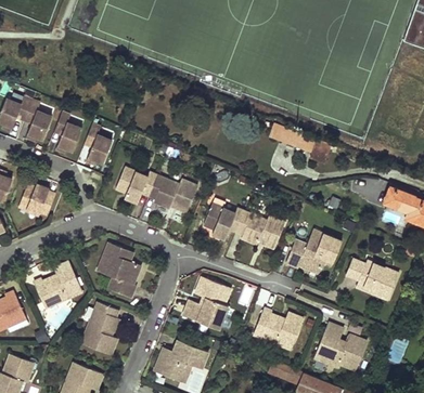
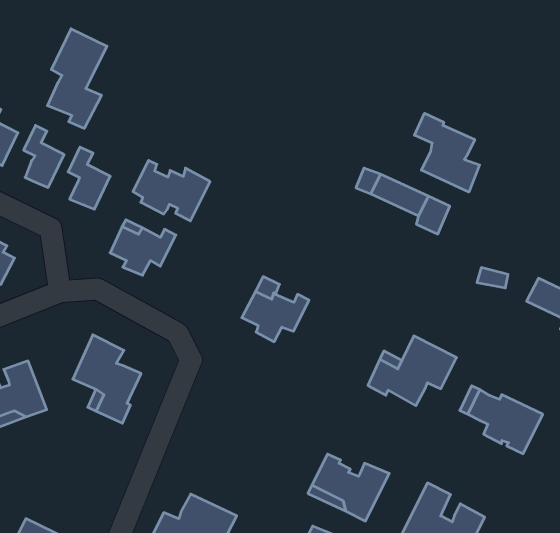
building: none -> [47,29,107,128]
building: none -> [414,113,480,192]
building: [149,175,197,212] -> [133,160,210,221]
building: [236,211,285,249] -> none
building: [183,276,231,329] -> none
building: [81,302,119,355] -> none

